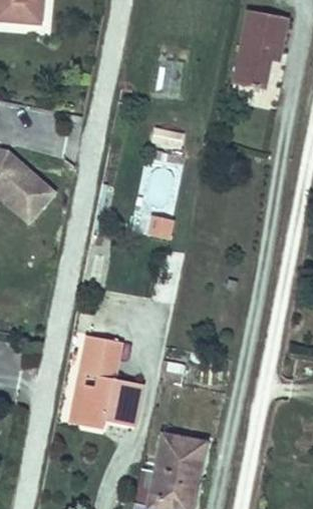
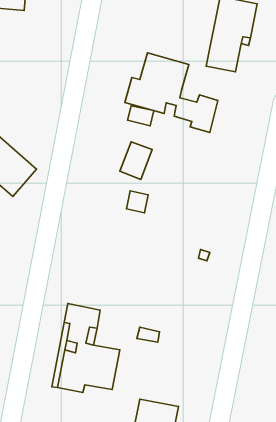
building: none -> [125,53,218,132]

